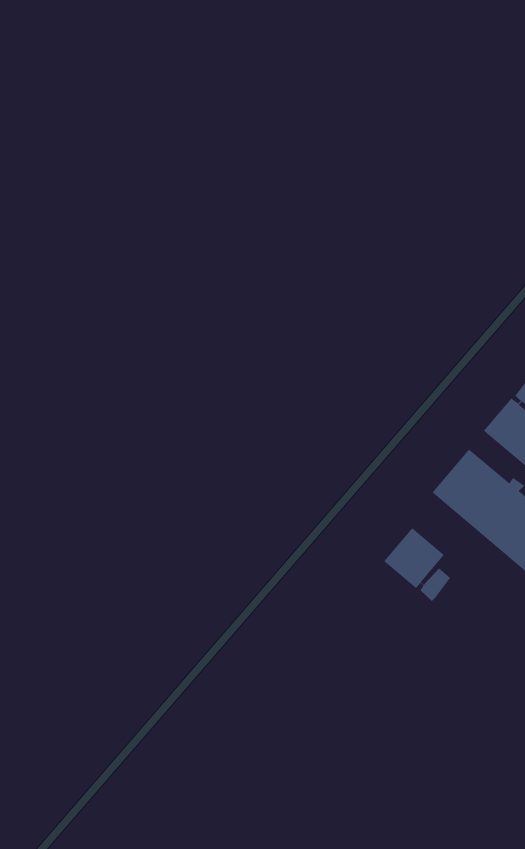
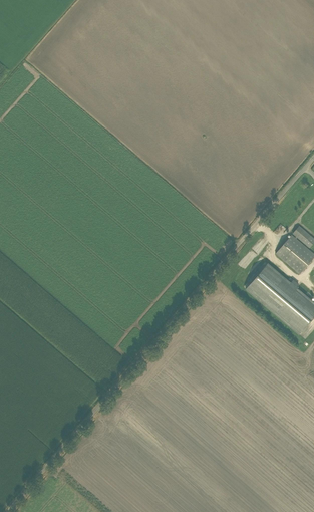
building: [383,527,451,602] -> none

